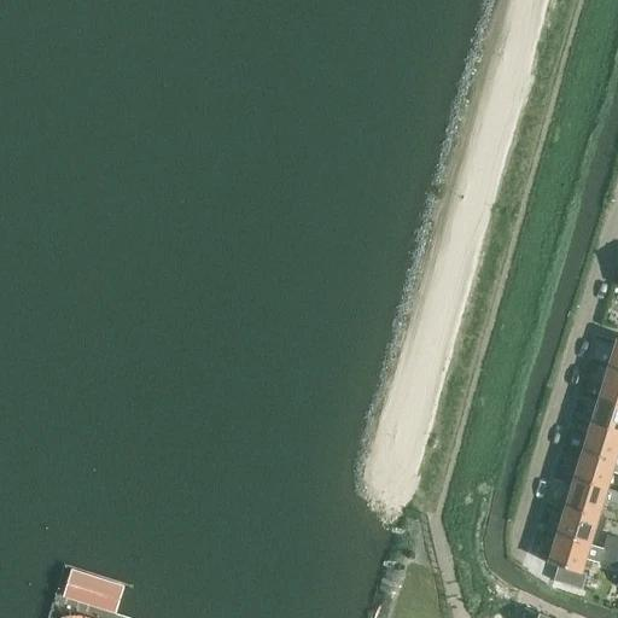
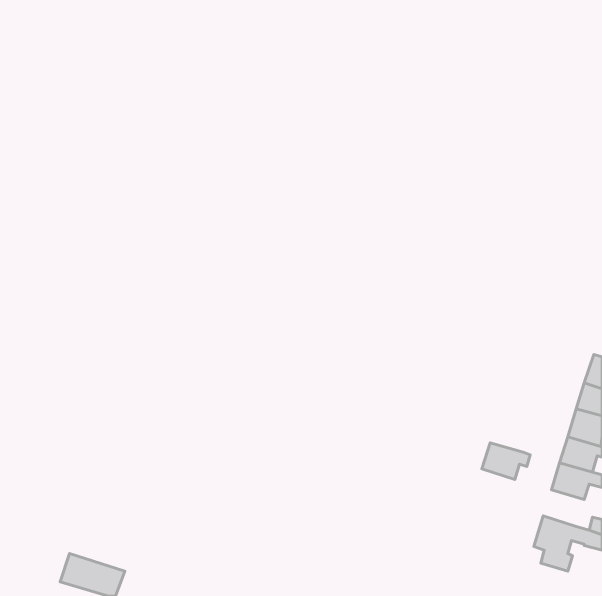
building: [556,502,606,540] -> [482,443,530,479]

